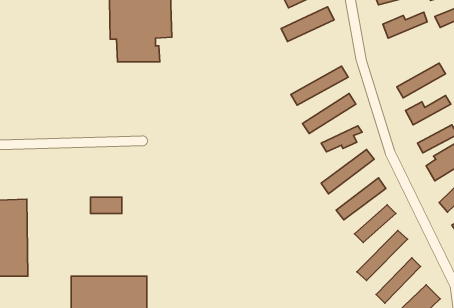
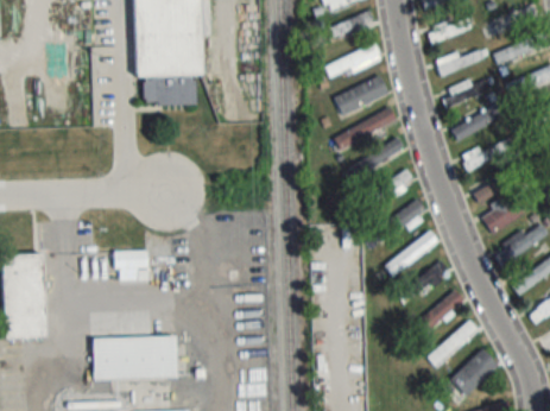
building: none -> [334,78,388,114]
building: none -> [442,81,491,107]

